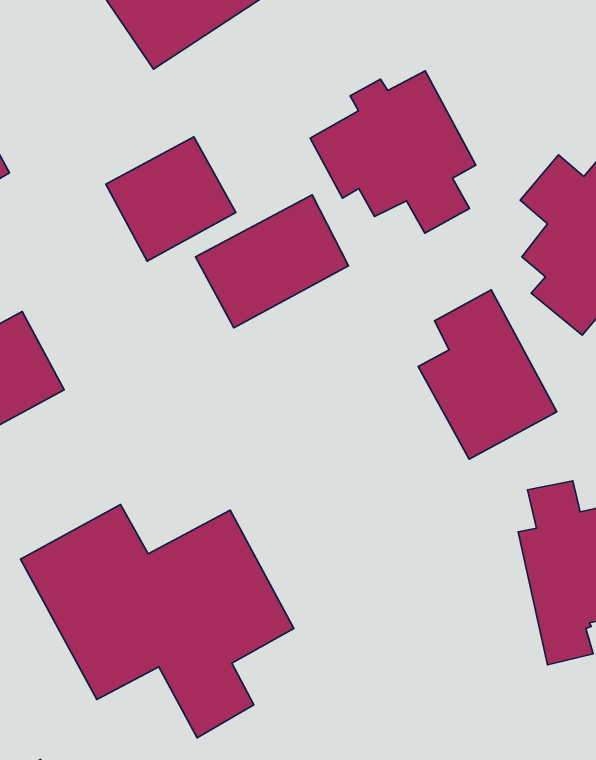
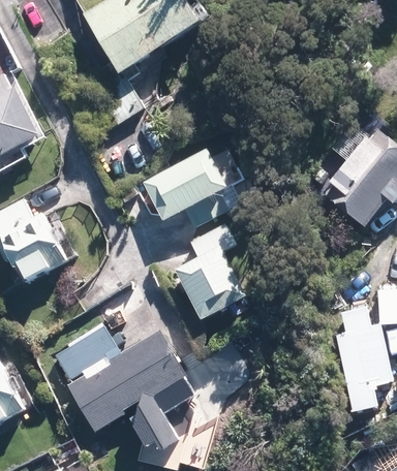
building: [310,71,476,233] -> none
building: [106,137,236,261] -> none
building: [418,290,557,459] -> [178,225,256,321]

